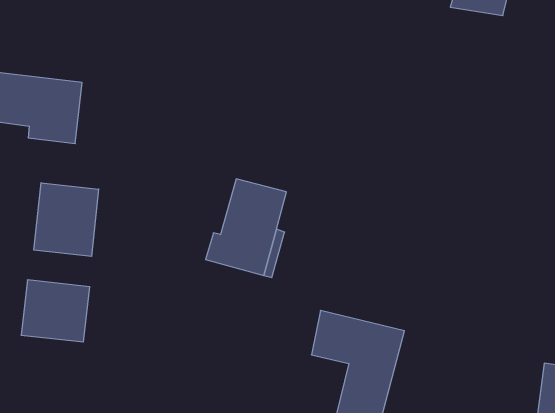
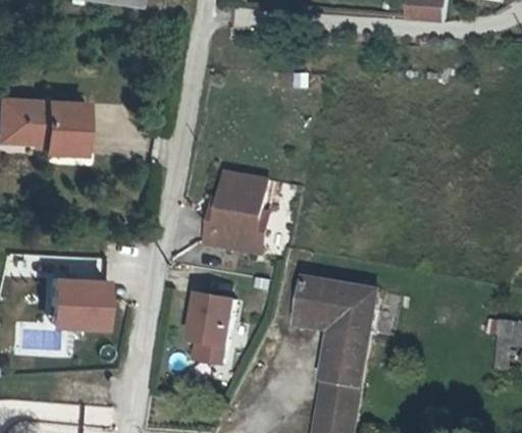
building: [34,183,99,256] -> none
building: none -> [191,292,239,365]

